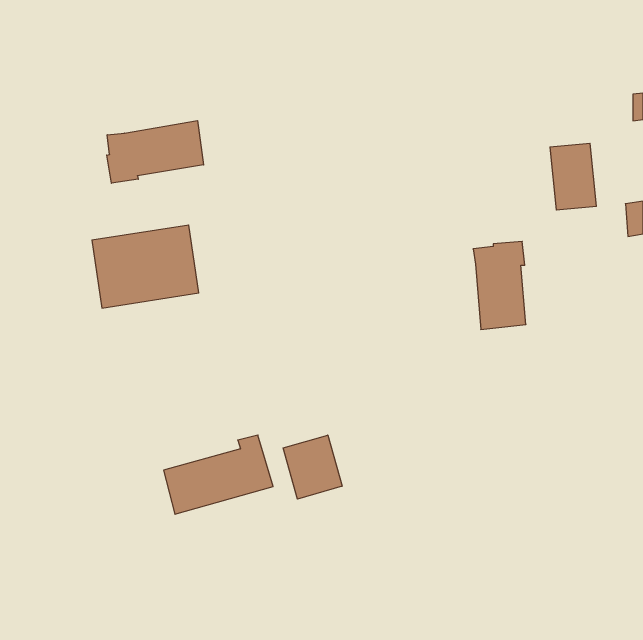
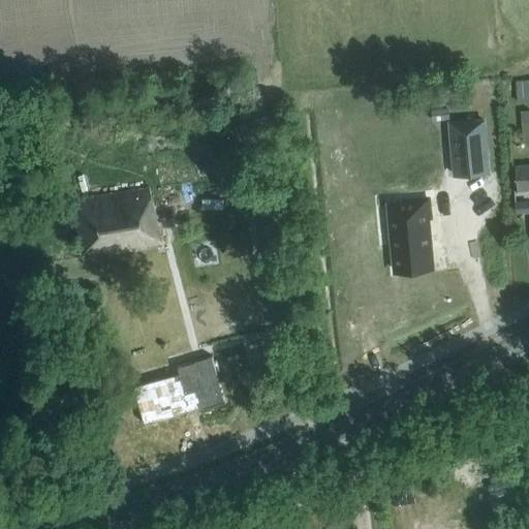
building: [107,121,204,183] -> none
building: [283,435,342,499] -> none

